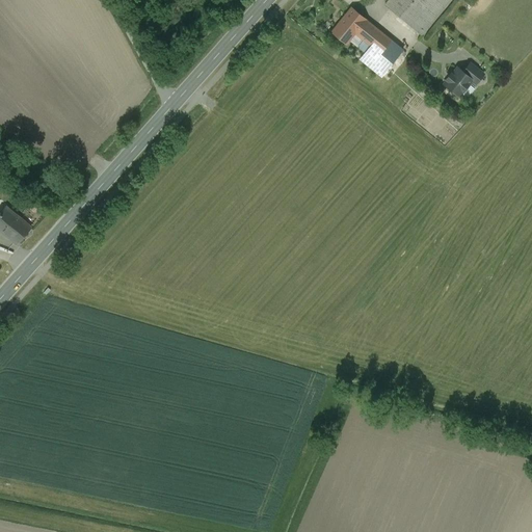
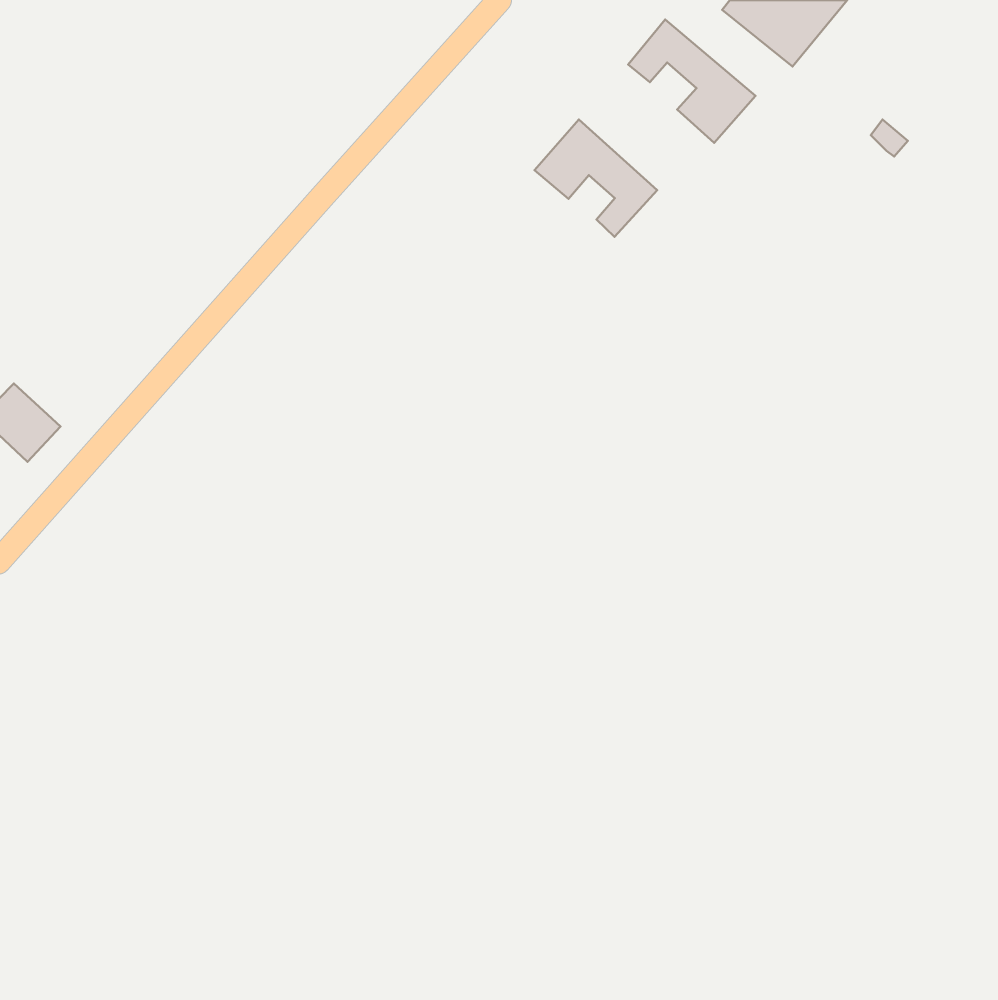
building: none -> [535,119,657,237]
building: [444,68,471,96] -> none

